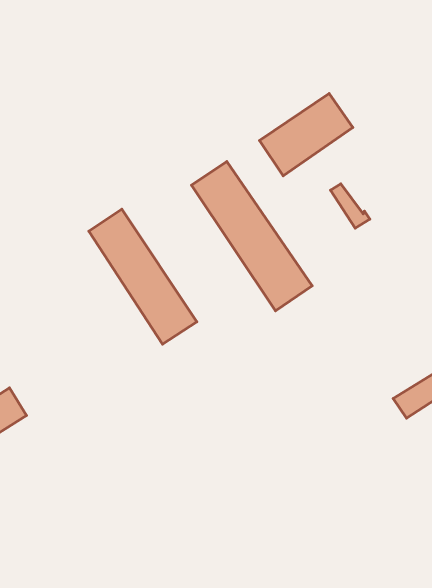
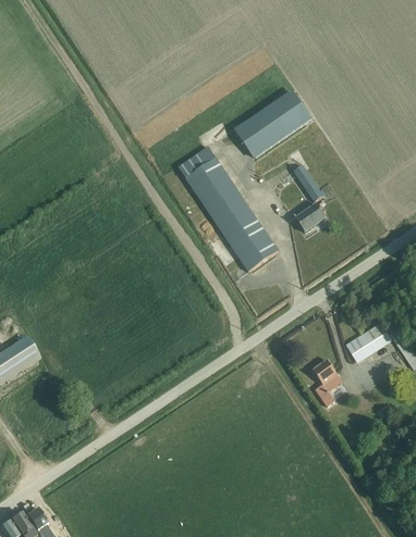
building: [89,209,197,344] -> none
building: none -> [294,203,326,232]
building: none -> [313,360,342,405]

